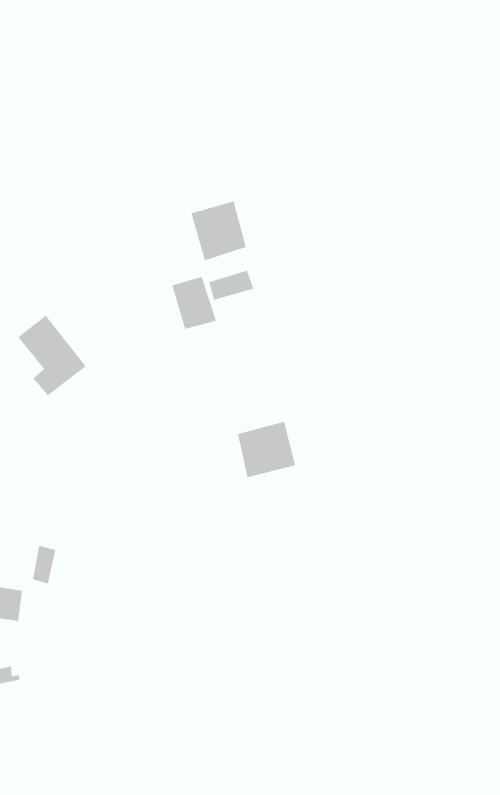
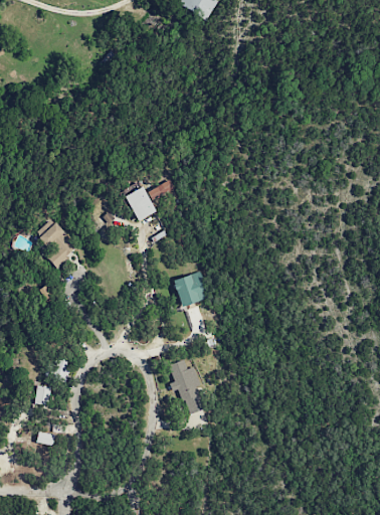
building: [191,201,247,261] -> none
building: none -> [169,359,204,414]

